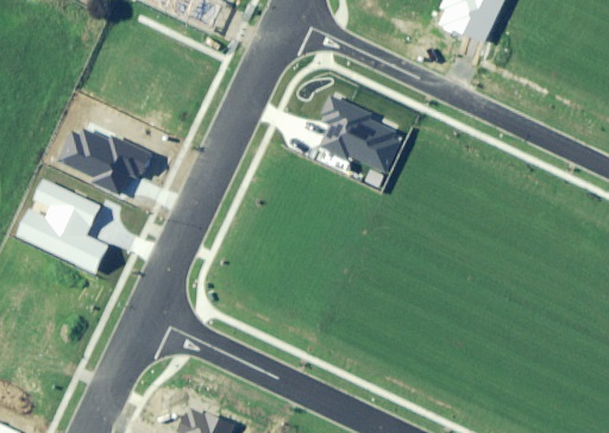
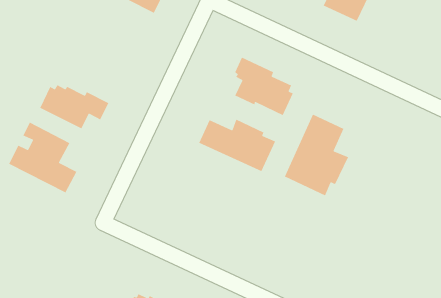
building: none -> [284,114,349,196]
building: none -> [198,119,276,172]

